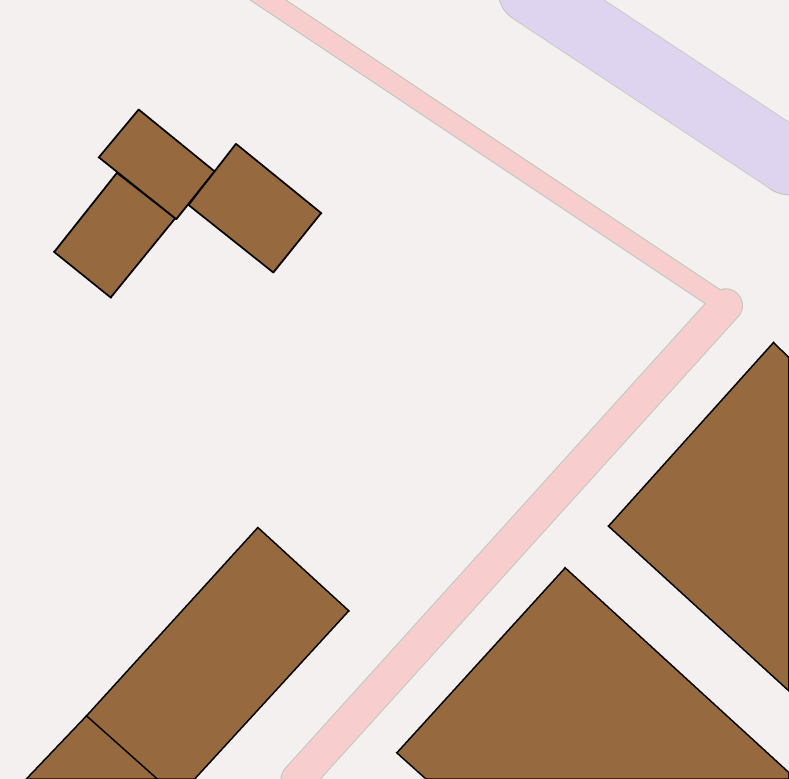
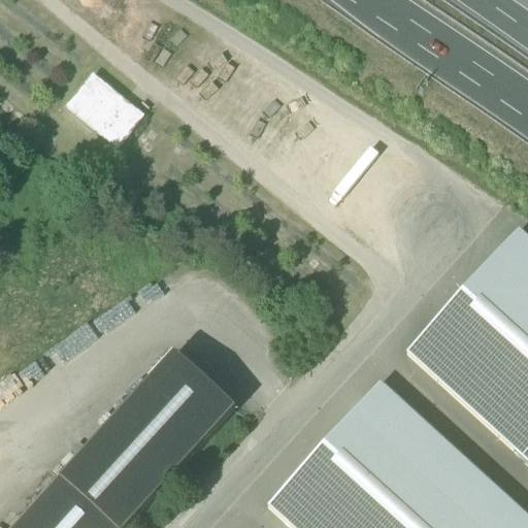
building: [188,144,321,272] -> none
building: [54,173,175,298] -> none

